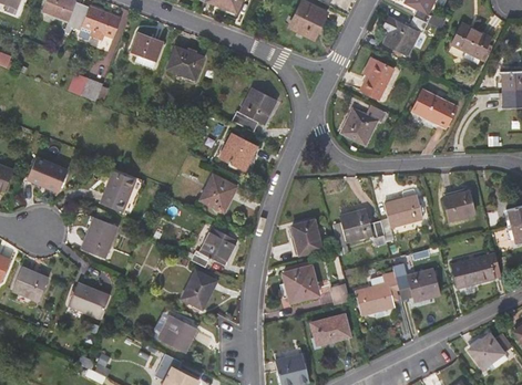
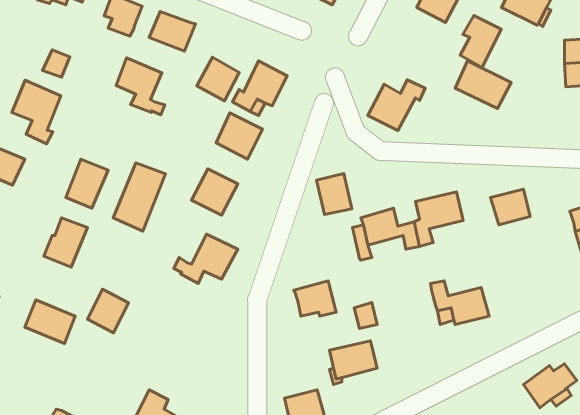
building: [364,56,397,98] -> [460,15,501,67]
building: none -> [197,57,239,101]
building: none -> [116,58,165,115]
building: none -> [12,80,61,144]
building: none -> [113,163,166,231]
building: [293,221,321,254] -> [316,173,352,214]
building: [451,253,501,288] -> none
building: [182,270,214,309] -> none
building: [356,274,398,315] -> none
building: [163,318,196,353] -> [88,289,129,333]

